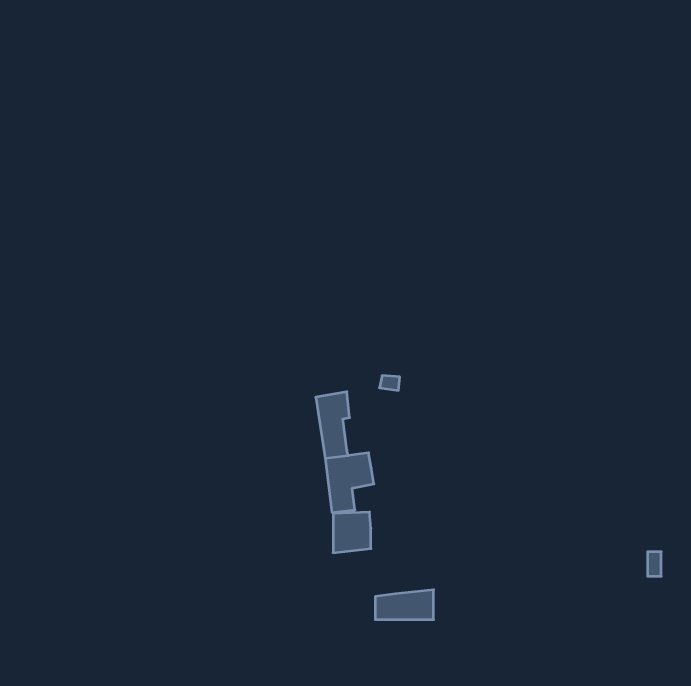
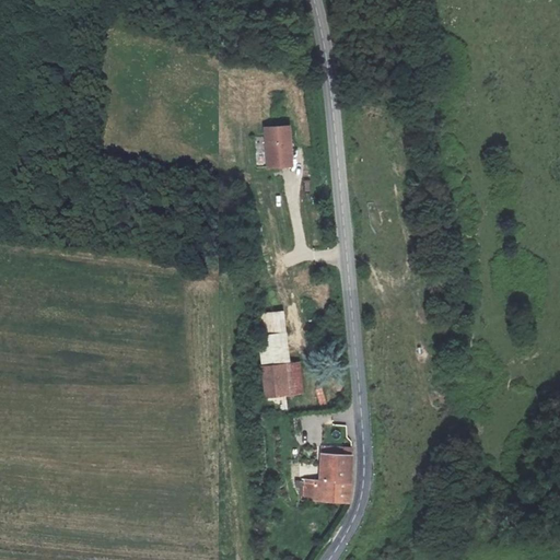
building: none -> [267,125,294,167]
building: [333,512,371,553] -> [319,446,350,479]

